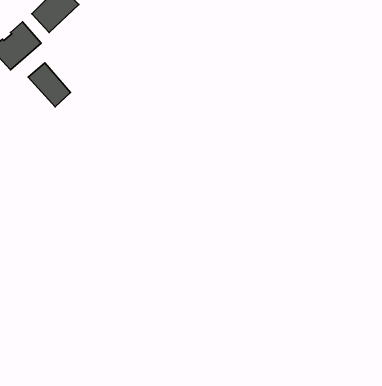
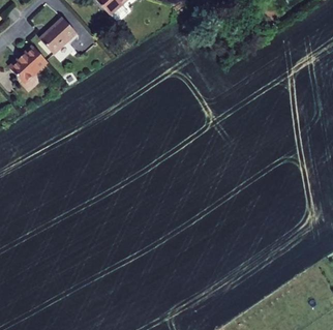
building: [28,63,70,107] -> none

